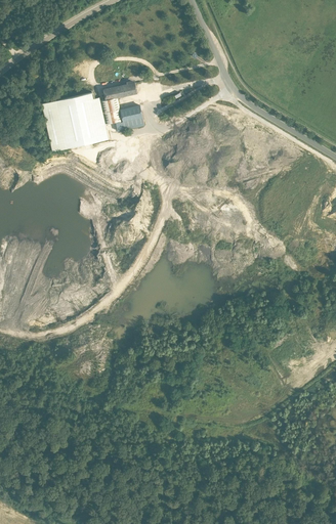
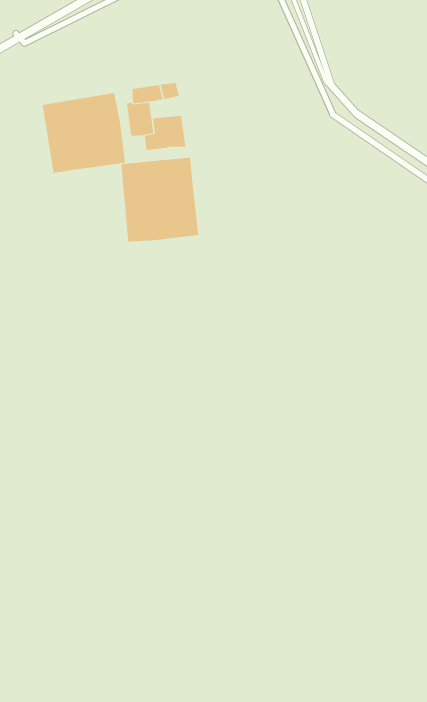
building: none -> [121,157,199,242]

